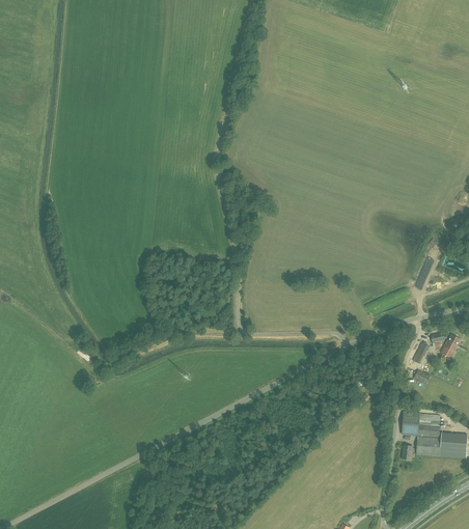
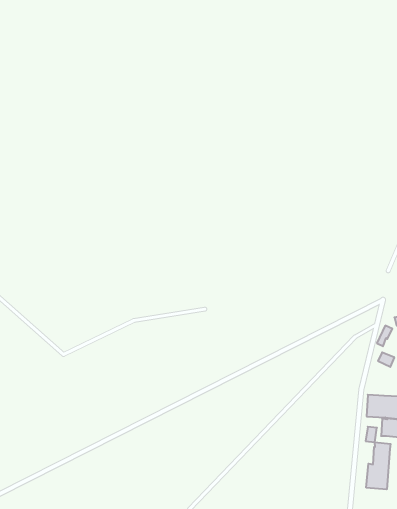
building: none -> [366,442,391,489]

